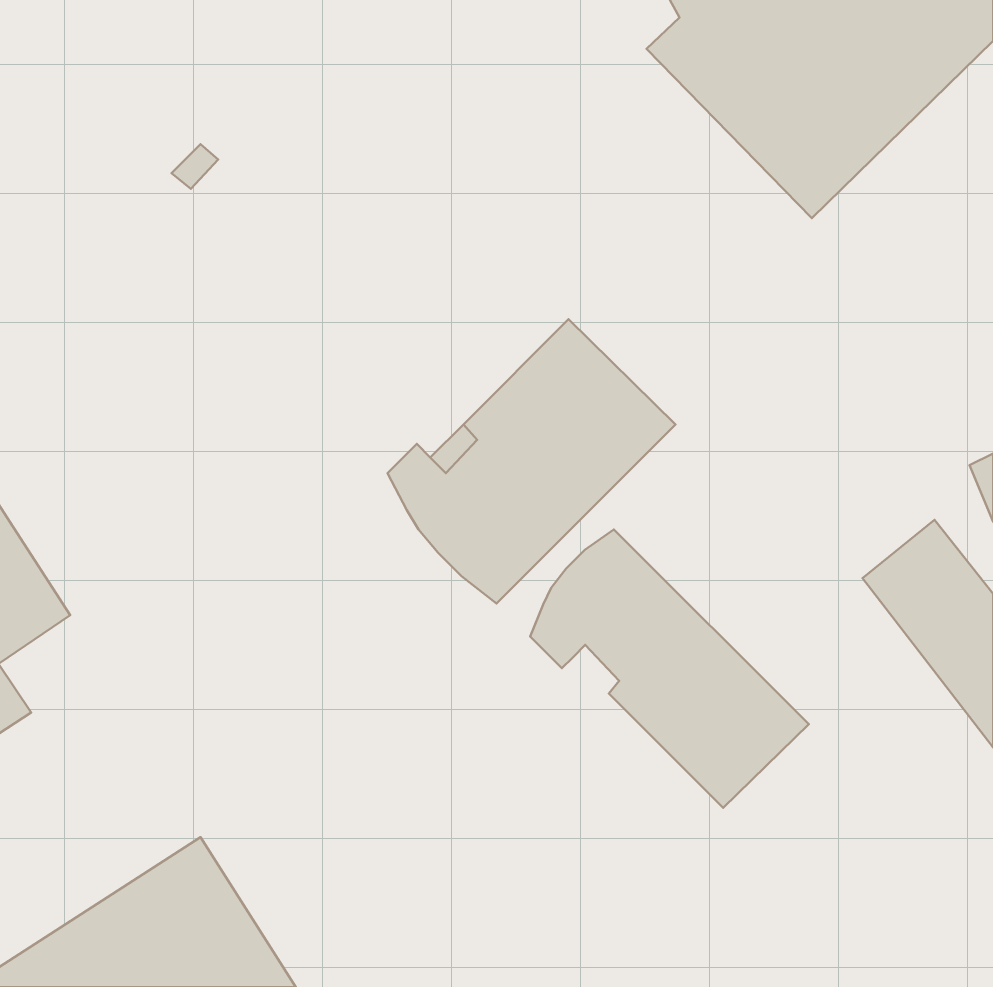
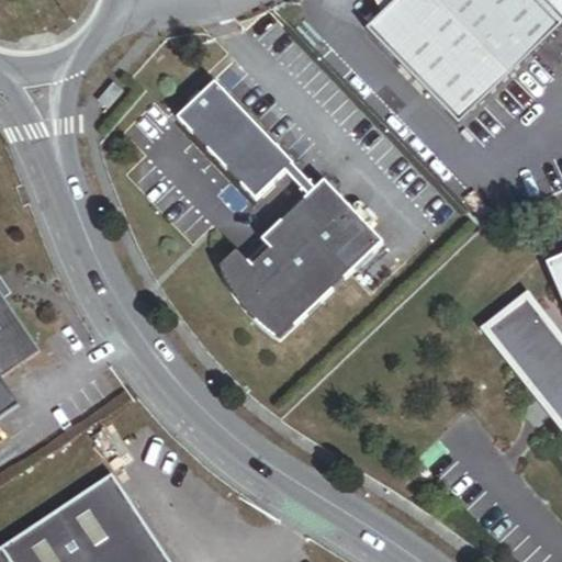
building: none -> [167,72,299,206]
building: [530,529,809,808] -> none

